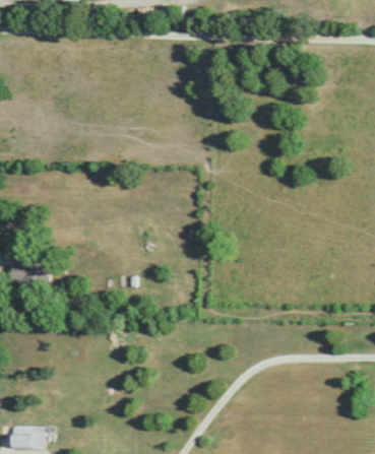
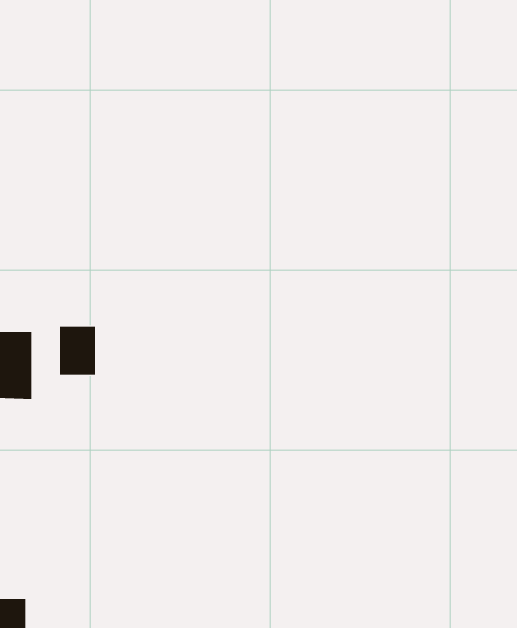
building: none -> [59,326,96,375]

